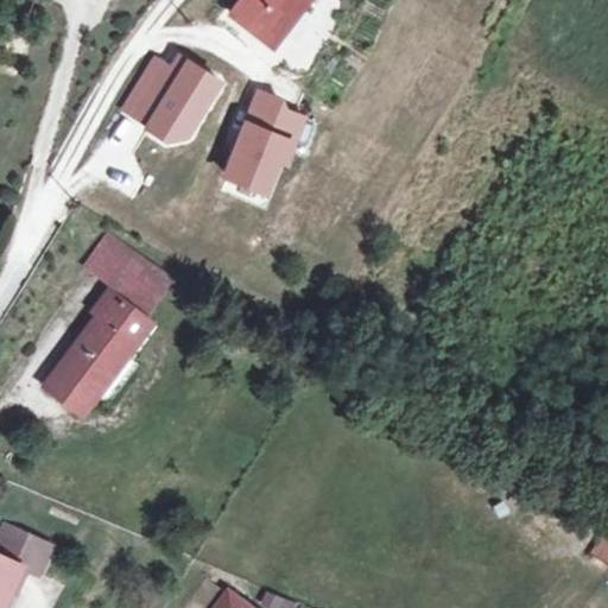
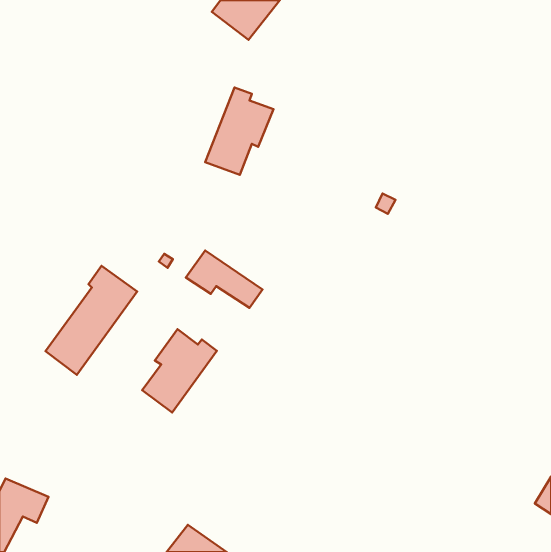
building: [124,61,218,142] -> none
building: [89,238,173,300] -> [186,251,263,308]
building: none -> [142,329,217,412]

